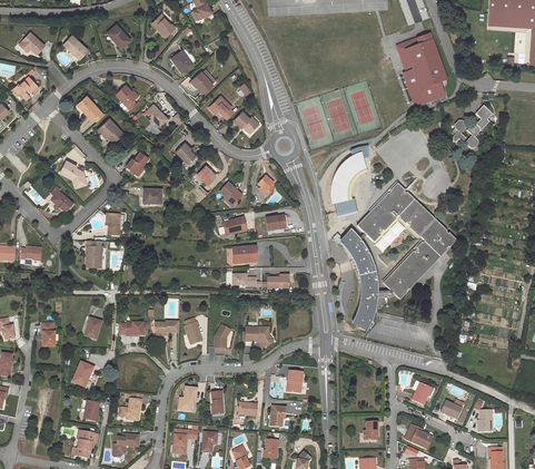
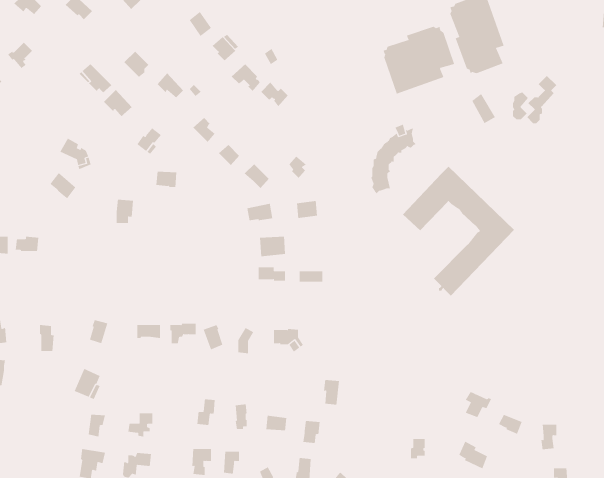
building: none -> [383,26,455,95]
building: [343,229,380,328] -> none
building: [86,241,106,267] -> none

